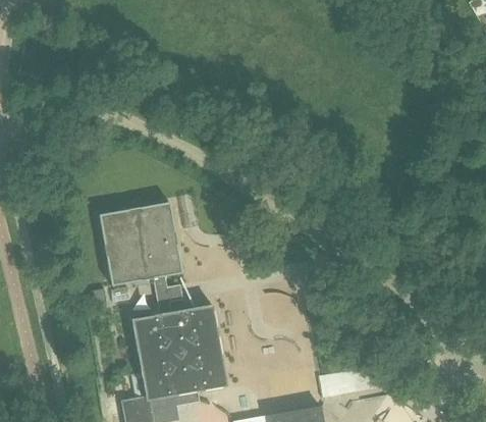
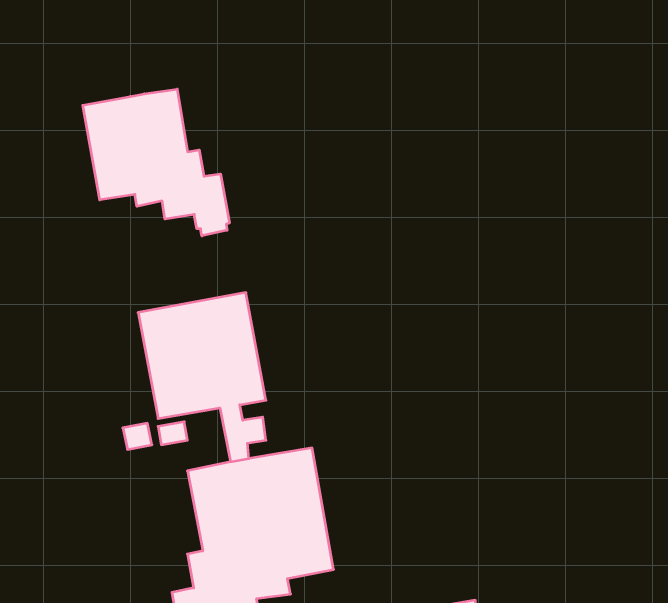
building: none -> [83,89,229,236]

